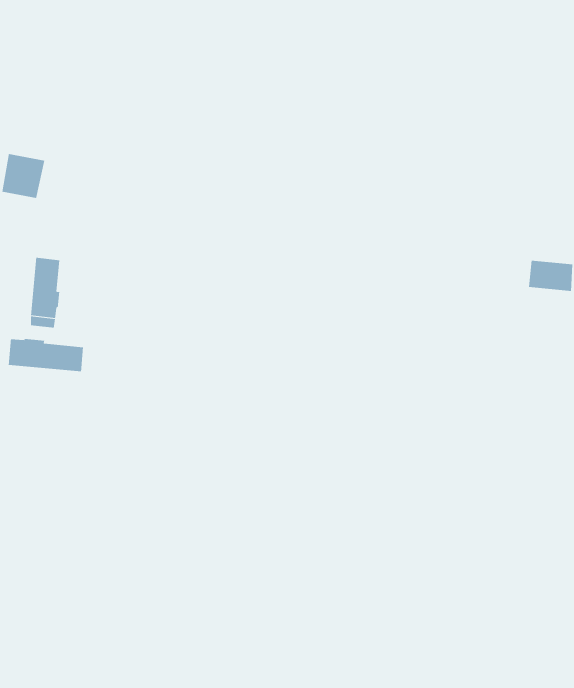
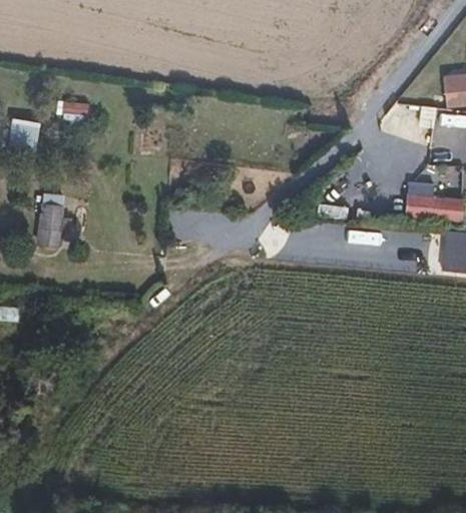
building: [8,338,83,372] -> none

